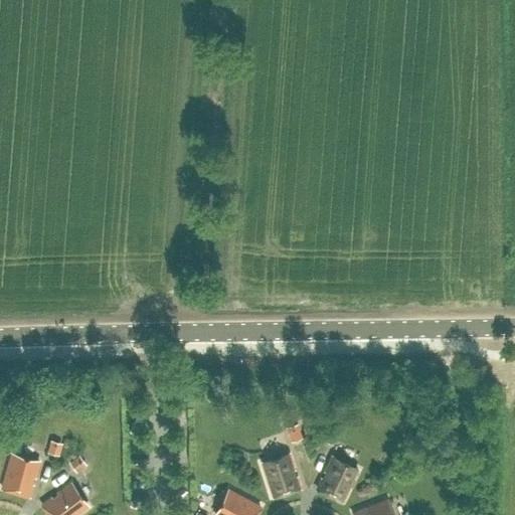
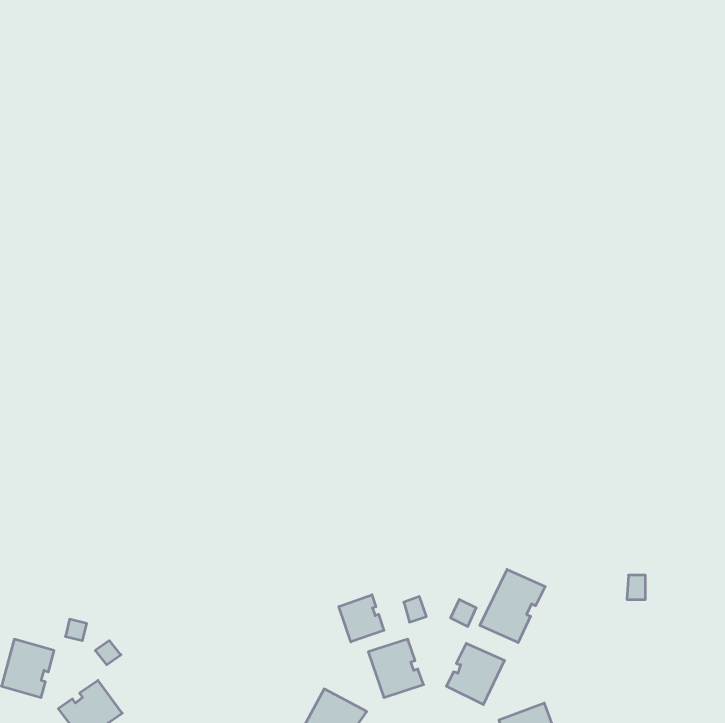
building: none -> [480,569,545,643]
building: none -> [339,595,384,642]

